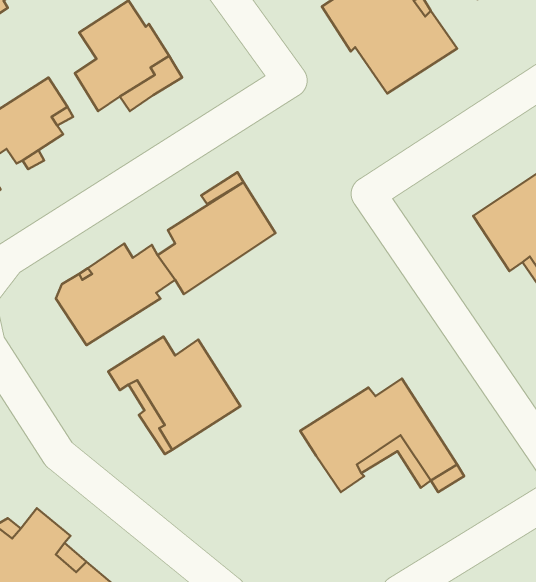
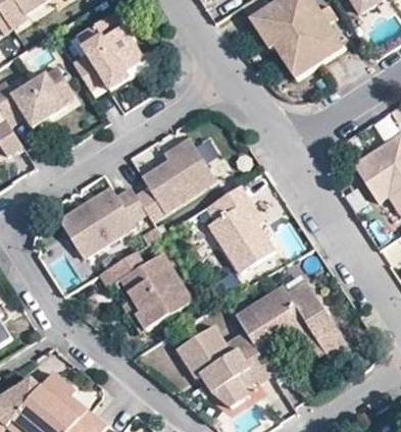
building: none -> [207,185,273,272]
building: none -> [174,324,269,403]

